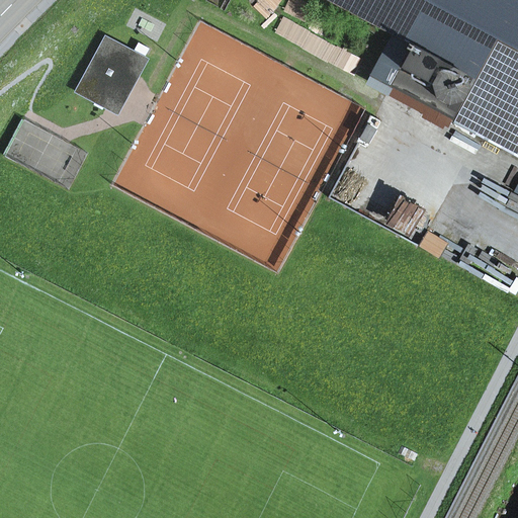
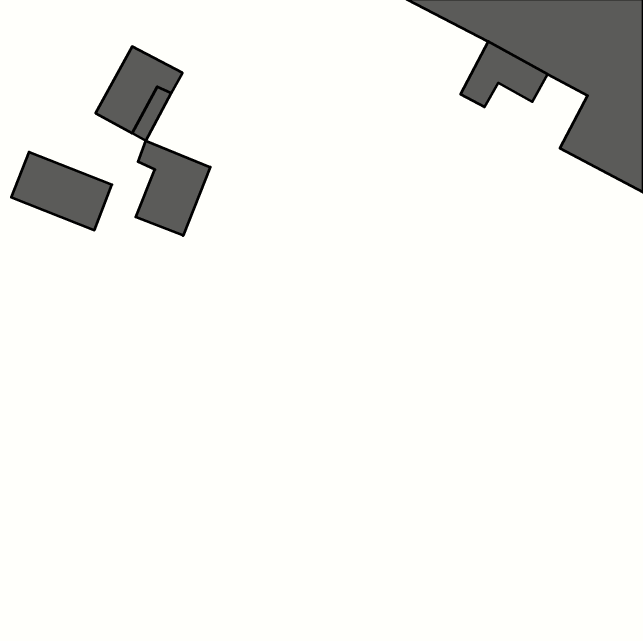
building: [390,60,472,119] -> none
building: none -> [136,141,210,236]

